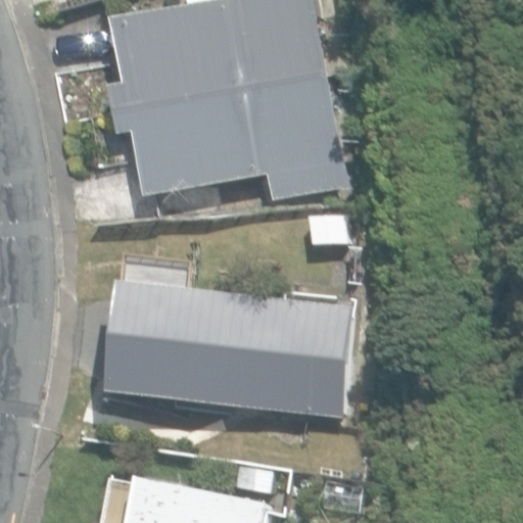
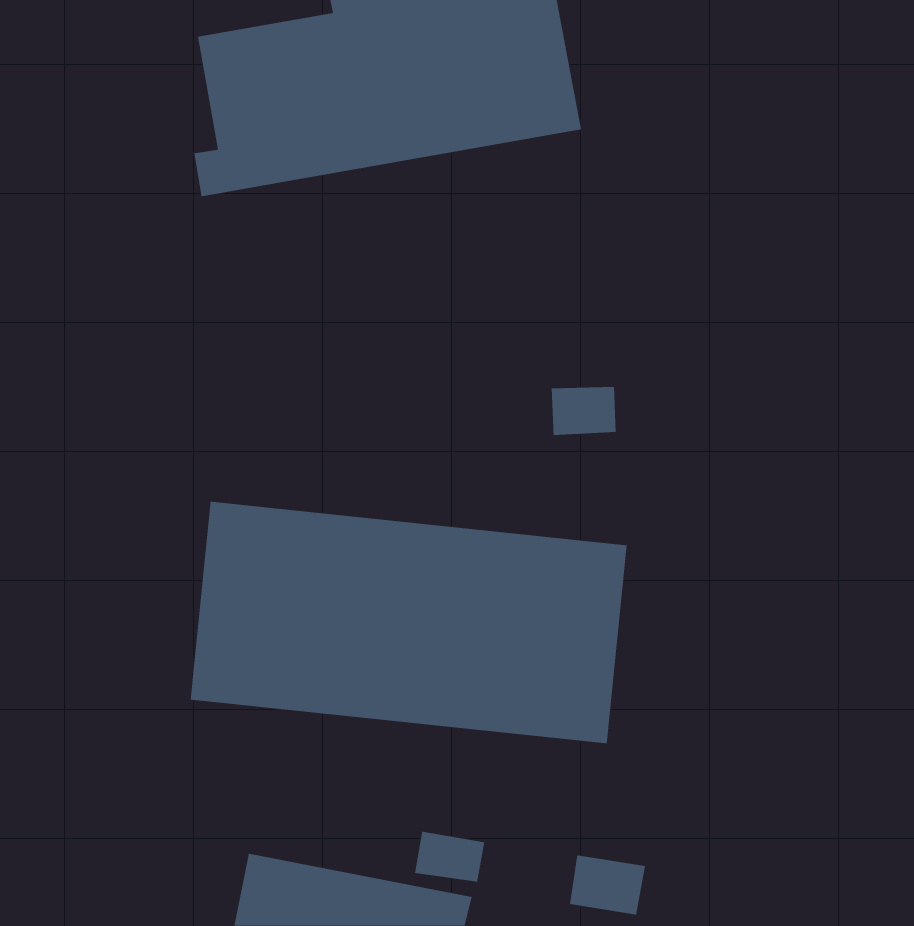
building: [112,73,345,199] -> none

